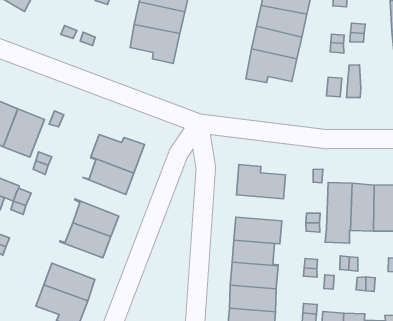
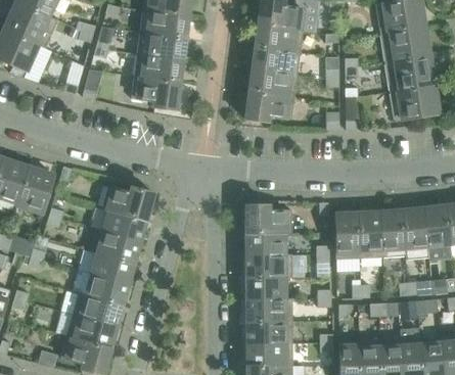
building: none -> [90,228,139,263]
building: none -> [246,233,292,254]
building: none -> [73,292,122,326]

